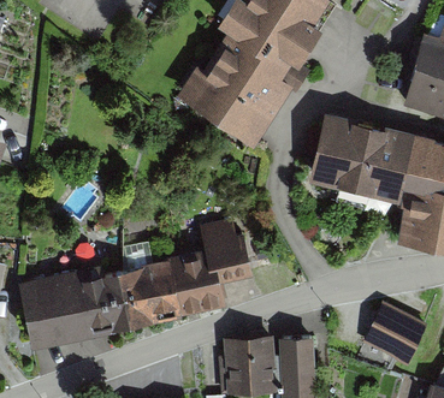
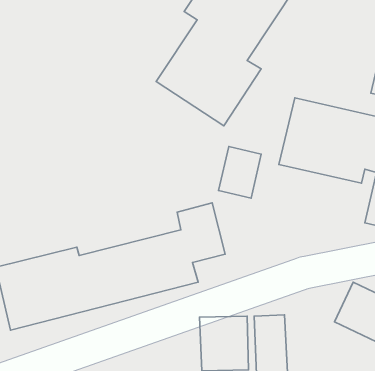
building: none -> [219,147,261,198]

